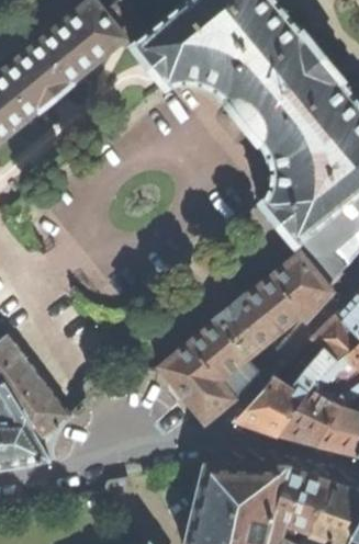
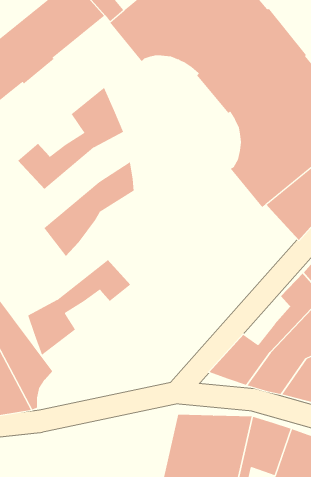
building: none -> [17,87,124,190]
building: none -> [43,161,134,257]
building: [158,250,337,424] -> none
building: none -> [28,259,131,356]

